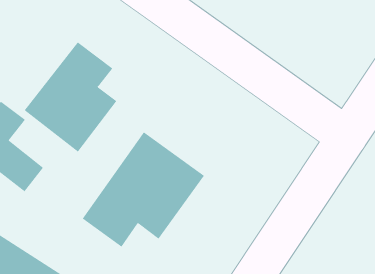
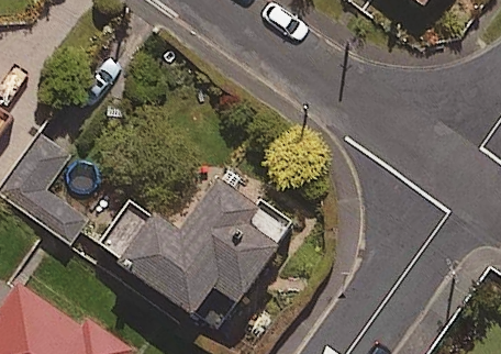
building: [24,41,117,152] -> none

